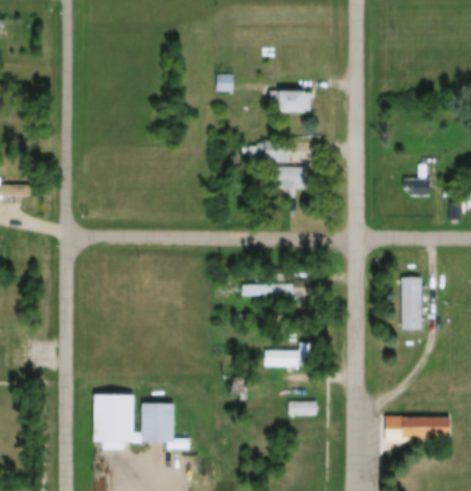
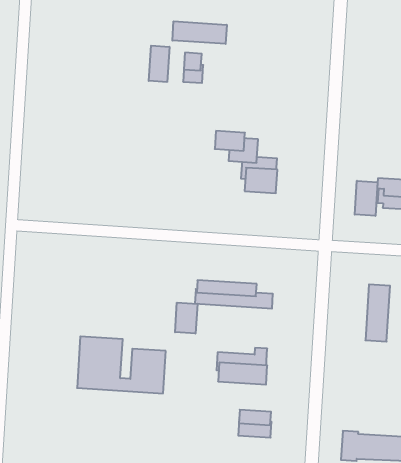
building: none -> [172,21,227,44]
building: none -> [149,46,169,82]
building: [274,90,309,112] -> none
building: none -> [355,181,378,216]
building: none -> [175,303,197,334]
building: [91,393,171,441] -> [77,336,166,393]

